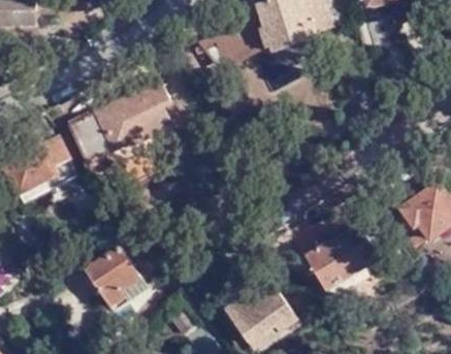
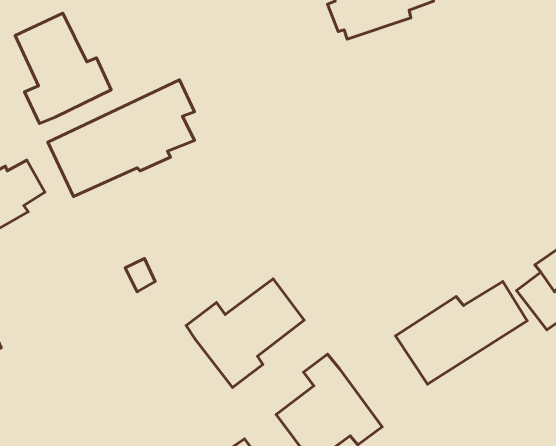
building: none -> [15,13,111,124]
building: none -> [186,279,304,387]
building: [84,249,140,309] -> none

